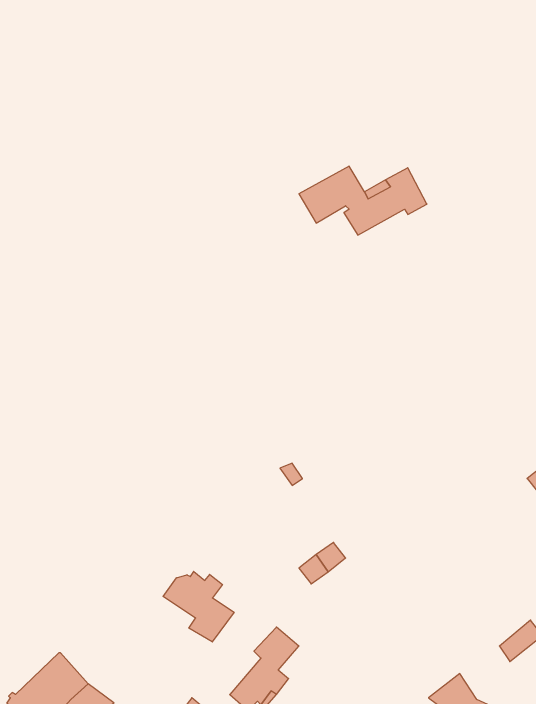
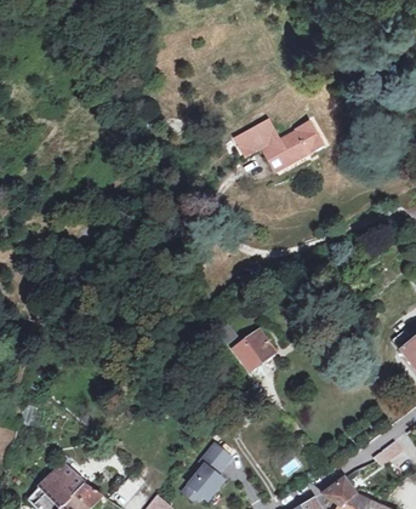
building: none -> [233,332,275,372]
building: [163,571,234,642] -> none

